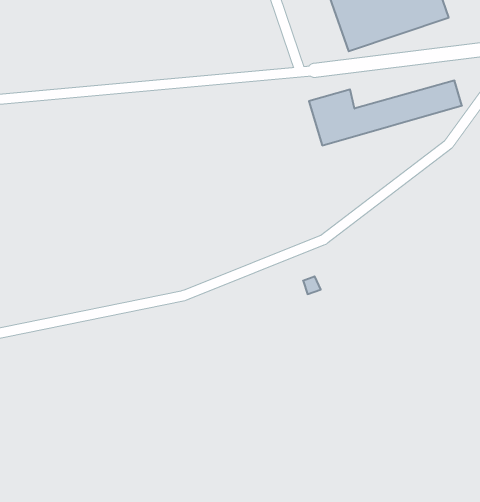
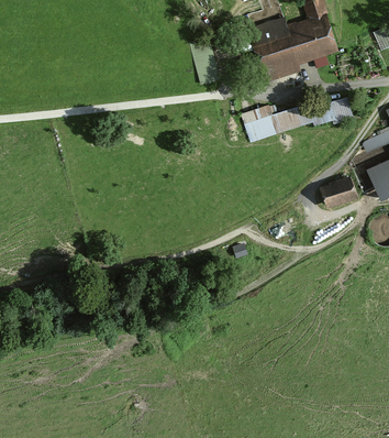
building: none -> [320,178,357,208]

